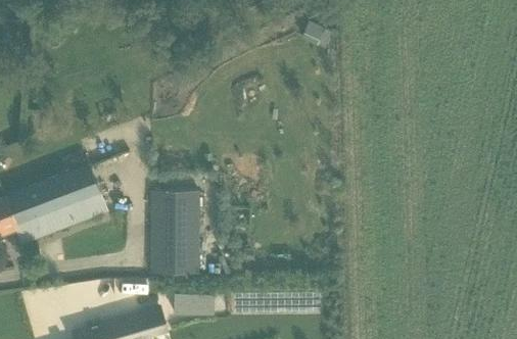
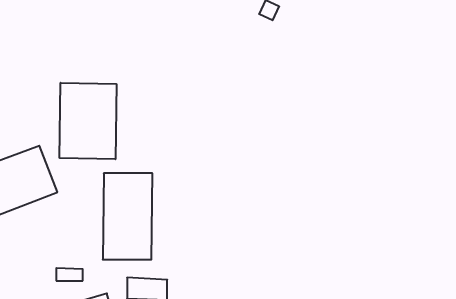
building: none -> [60,83,116,159]

